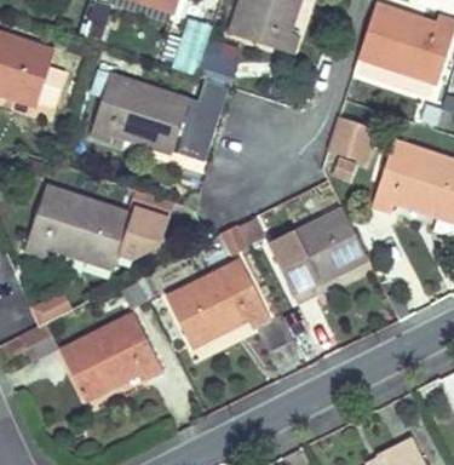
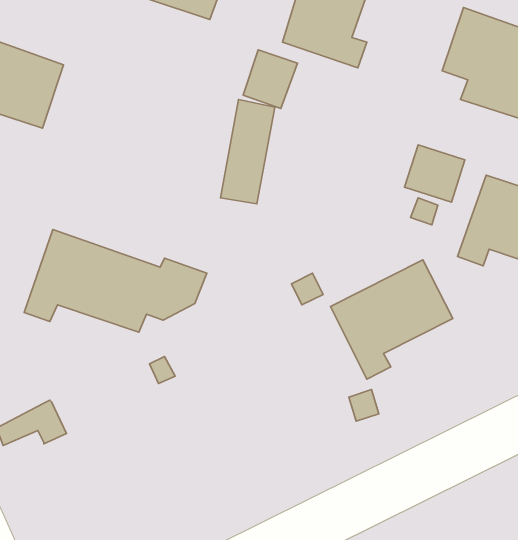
building: [172,19,211,75] -> none
building: [88,74,189,151] -> none
building: [166,260,269,344] -> none
building: [61,314,163,398] -> none

